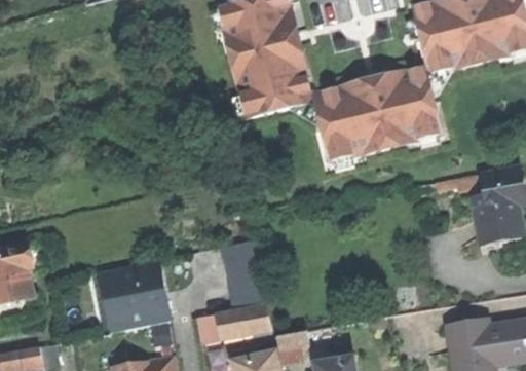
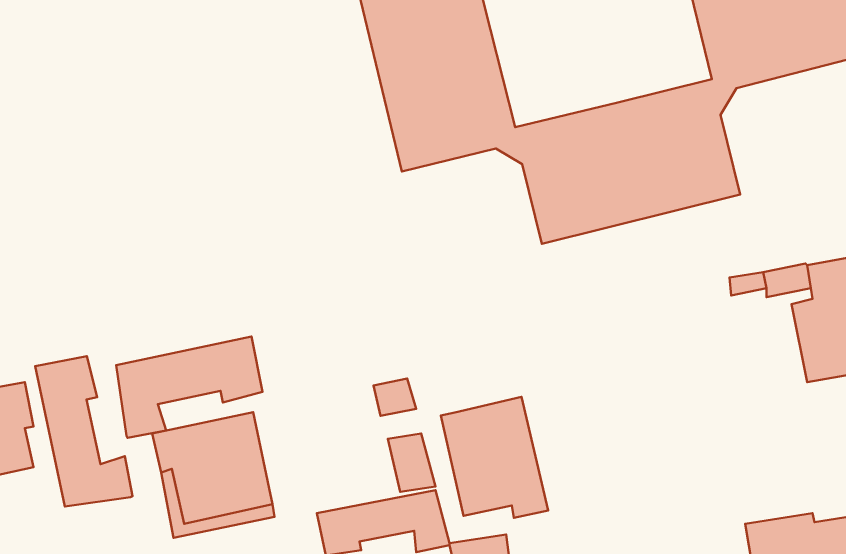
building: none -> [116,337,262,438]
building: none -> [35,356,133,506]
building: none -> [441,397,548,518]

